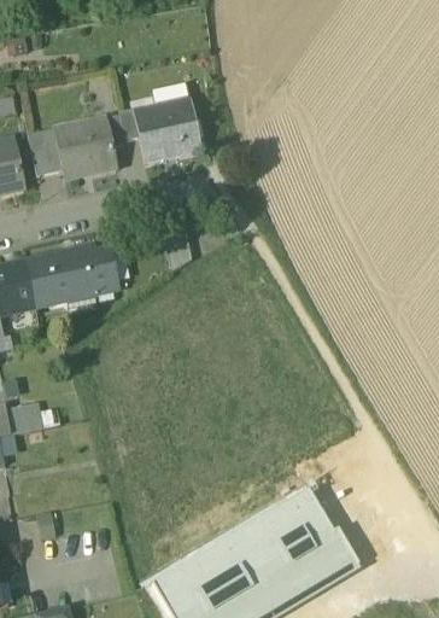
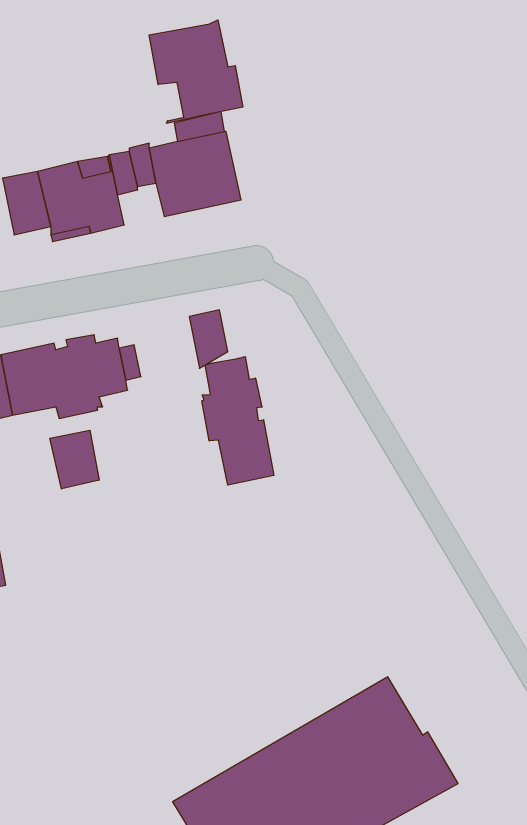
building: none -> [149,20,243,123]
building: none -> [202,357,274,485]
building: none -> [50,430,99,489]

